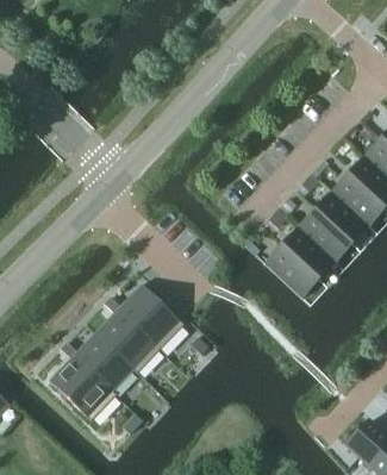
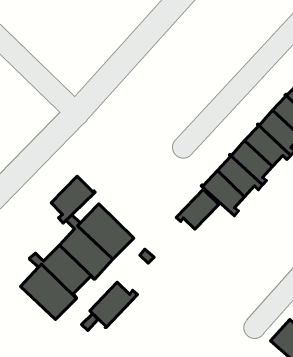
building: none -> [51,176,95,223]
building: none -> [176,189,219,229]
building: none -> [90,282,137,328]

